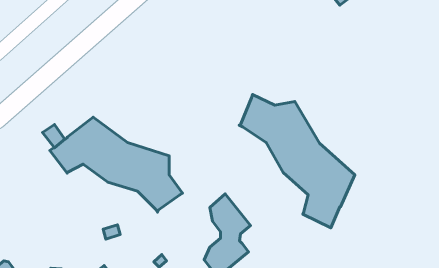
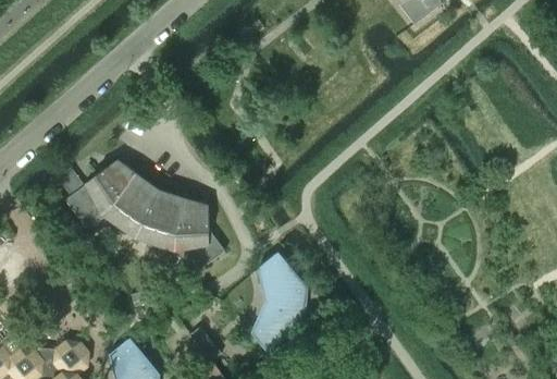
building: [239,94,355,228] -> none

